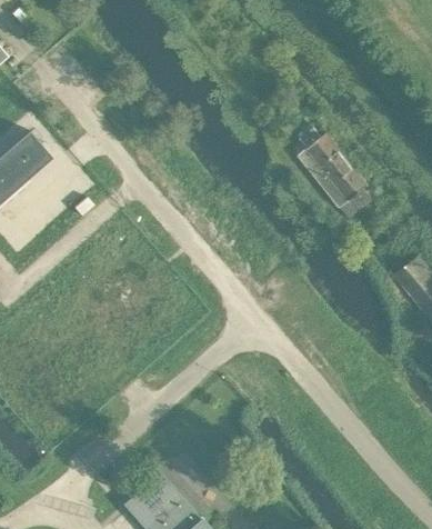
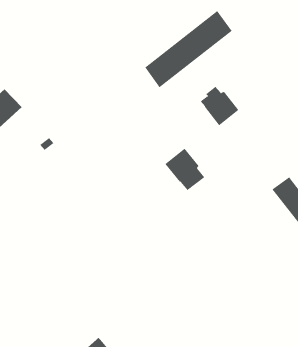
building: none -> [144,10,233,88]
building: [319,161,374,220] -> [164,148,205,191]

